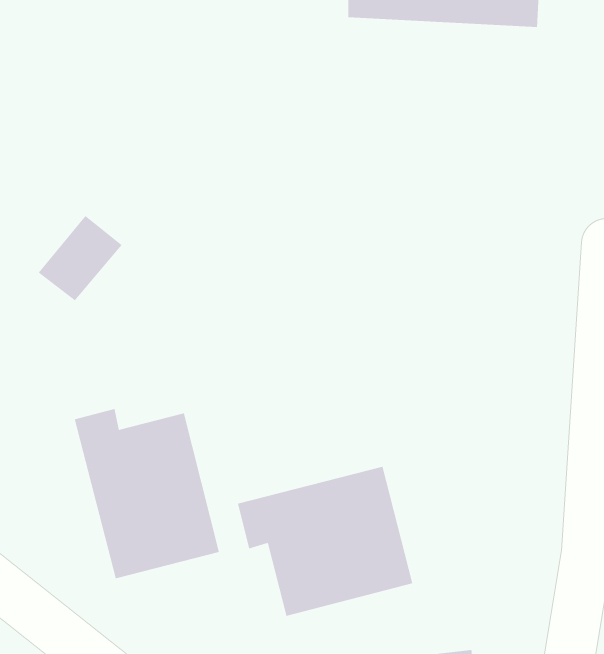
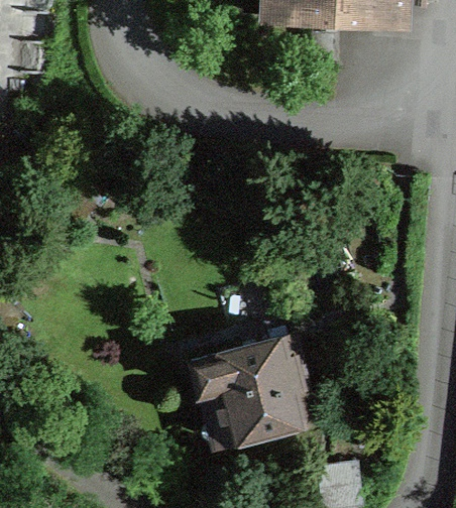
building: [74,408,220,579] -> none

